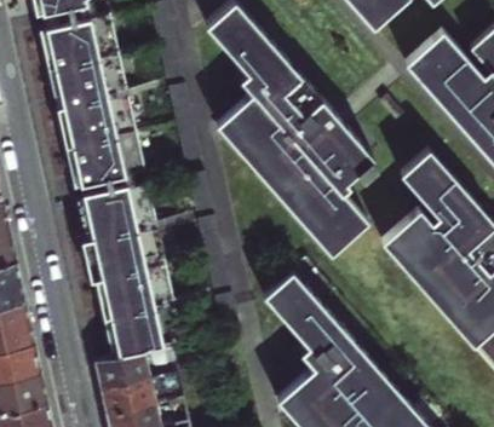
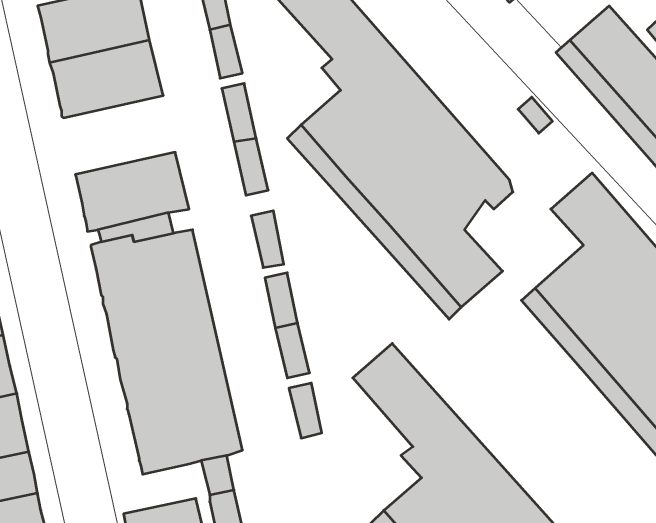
building: [58,96,137,151] -> none
building: [94,354,151,390] -> none

